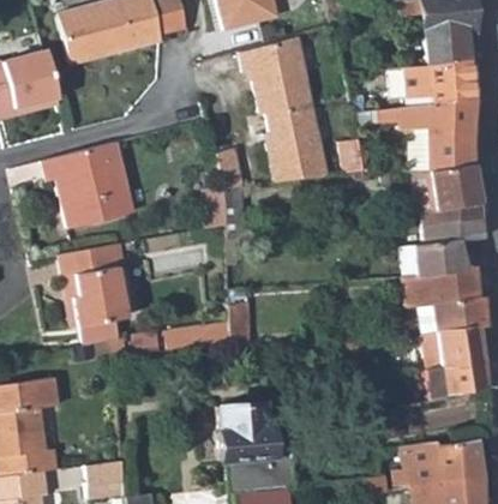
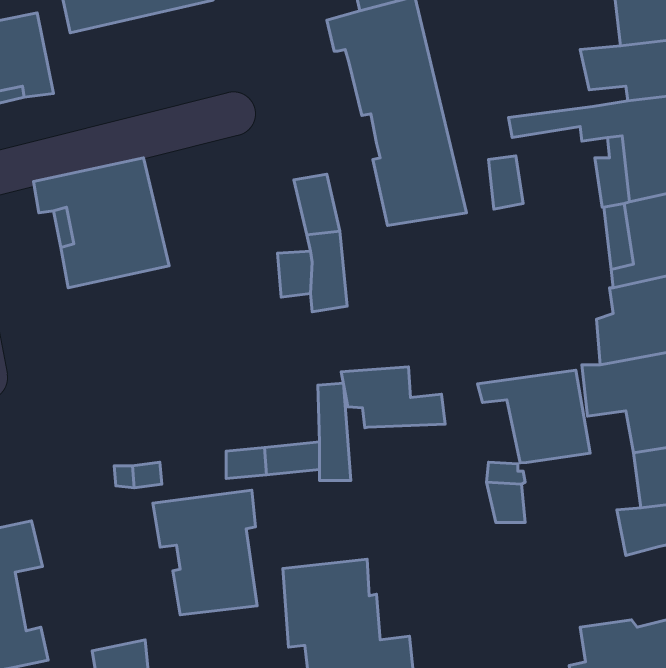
building: [59,242,127,324] -> [153,490,257,615]
building: none -> [341,367,445,428]
building: none -> [478,370,590,463]

